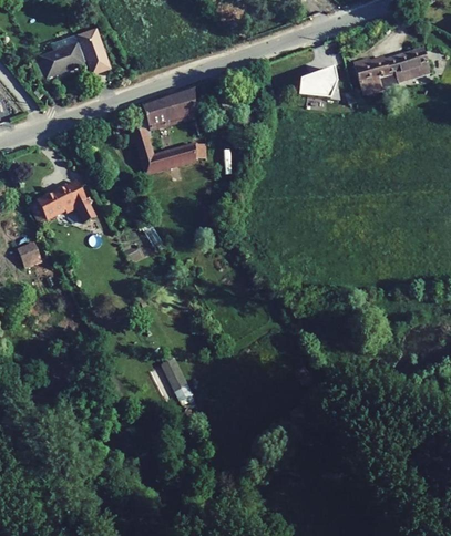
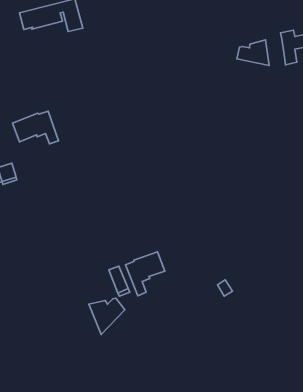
building: [134,85,196,173] -> none
building: none -> [126,252,165,296]
building: none -> [89,298,125,334]

